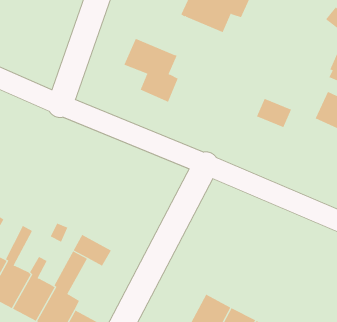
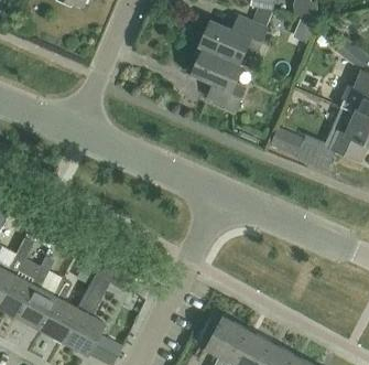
building: [124,38,179,103] -> [189,50,242,111]

